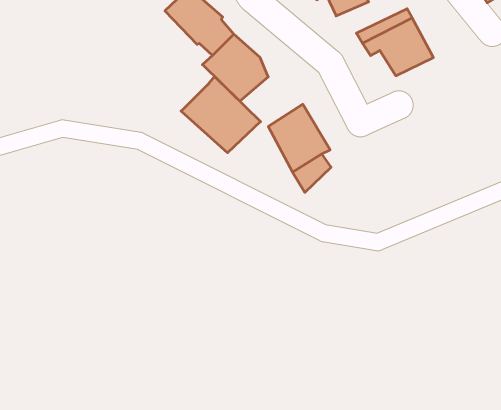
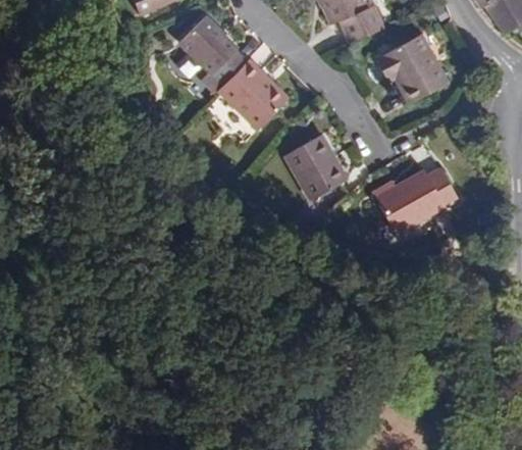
building: [181,77,261,153] -> none
building: none -> [364,170,450,236]

